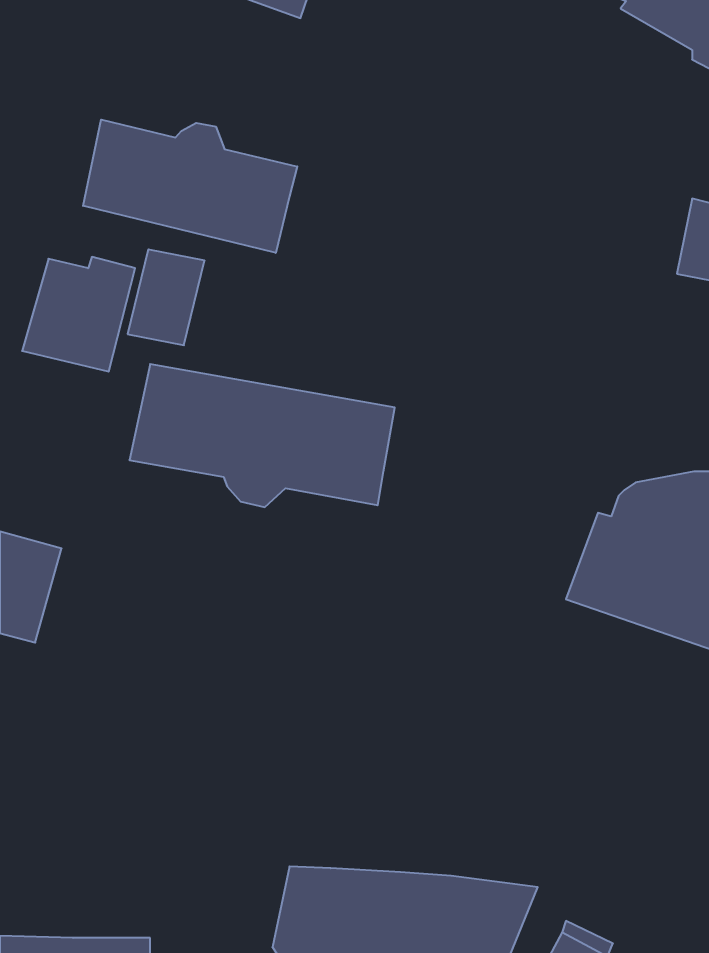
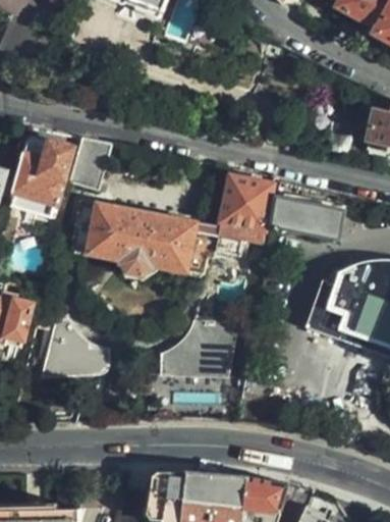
building: [83,120,297,253] -> none
building: none -> [208,175,274,259]
building: none -> [272,196,342,237]
building: none -> [160,323,229,384]
building: none -> [44,327,103,387]

